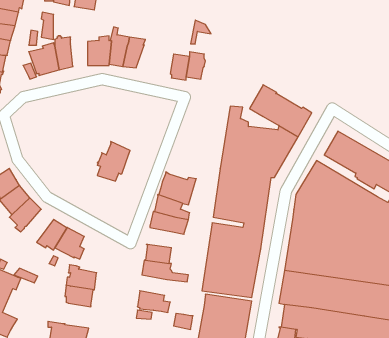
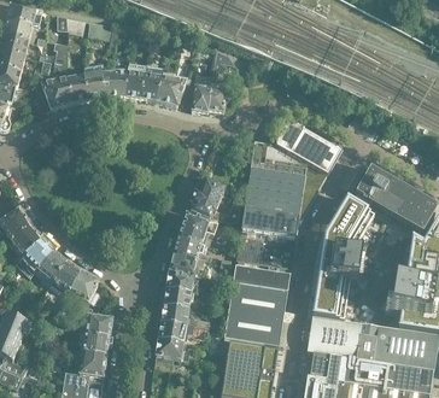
building: none -> [84,63,105,98]
building: none -> [154,64,191,105]
building: [97,141,130,181] -> [189,176,224,218]
building: none -> [35,250,66,285]
building: none -> [165,269,199,291]
building: none -> [158,320,209,341]
building: none -> [75,349,106,376]

